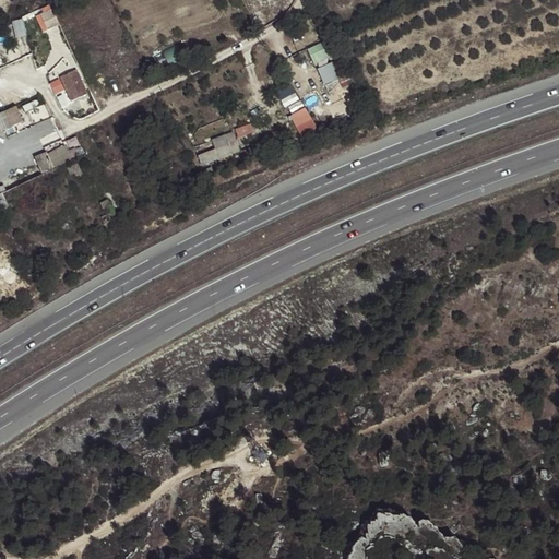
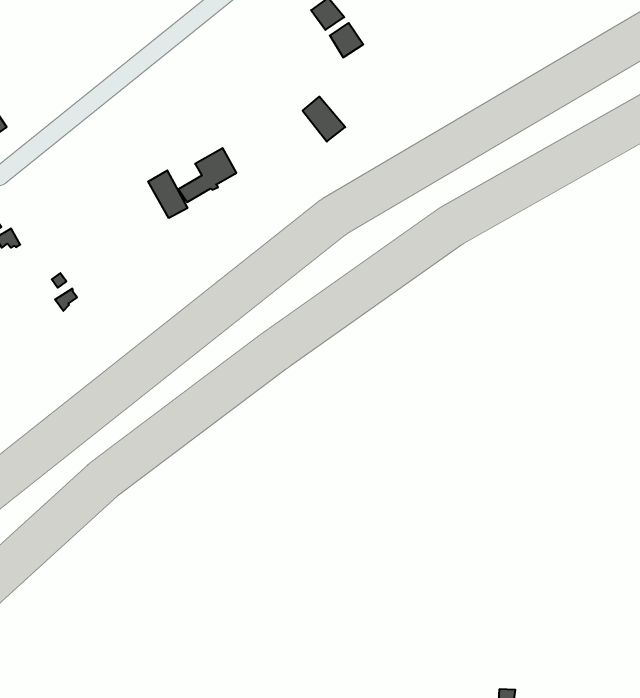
building: none -> [148,170,187,218]

